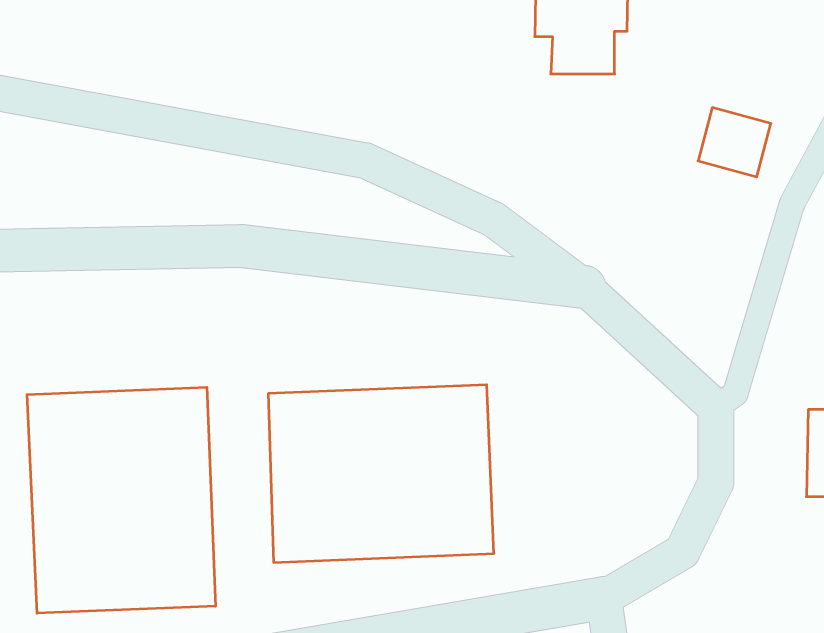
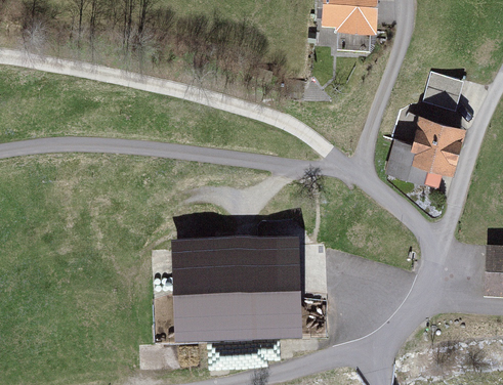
building: none -> [385,116,465,188]
building: [27,387,215,613] -> none

